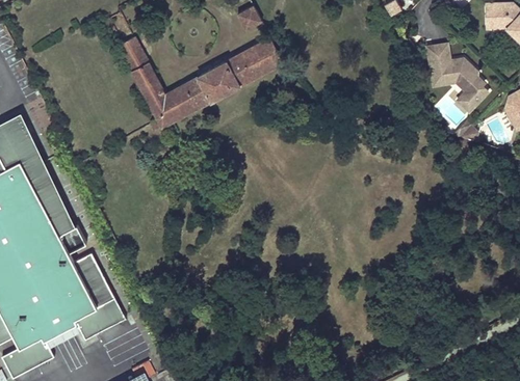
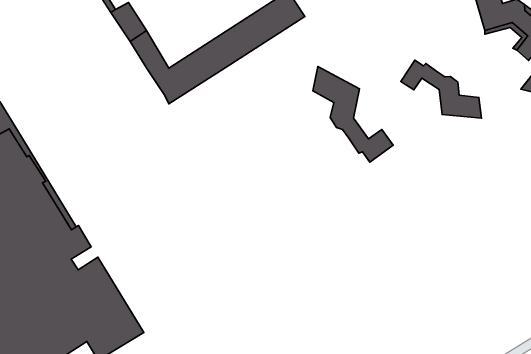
building: none -> [313,67,393,162]
building: none -> [401,60,481,118]

